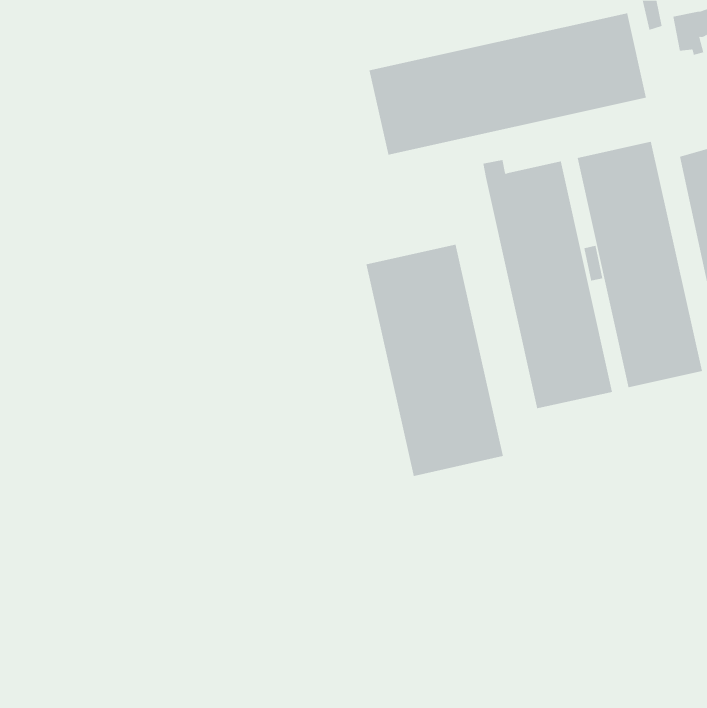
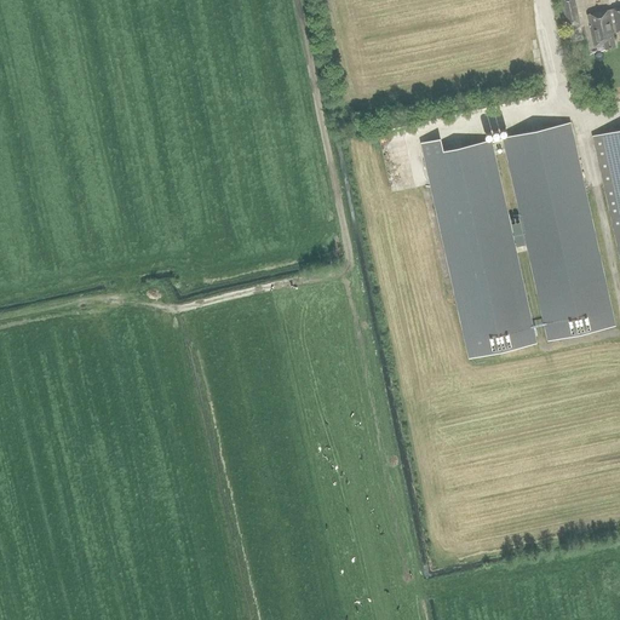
building: [369,13,646,156] -> none
building: [366,244,503,477] -> none

